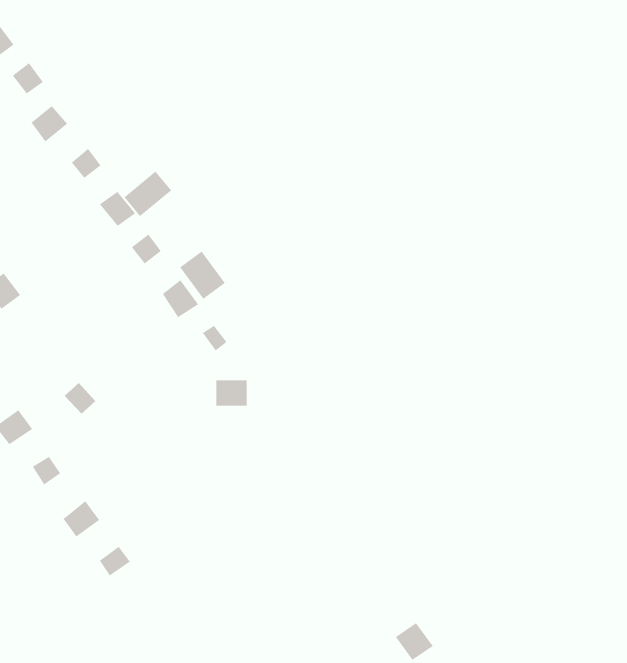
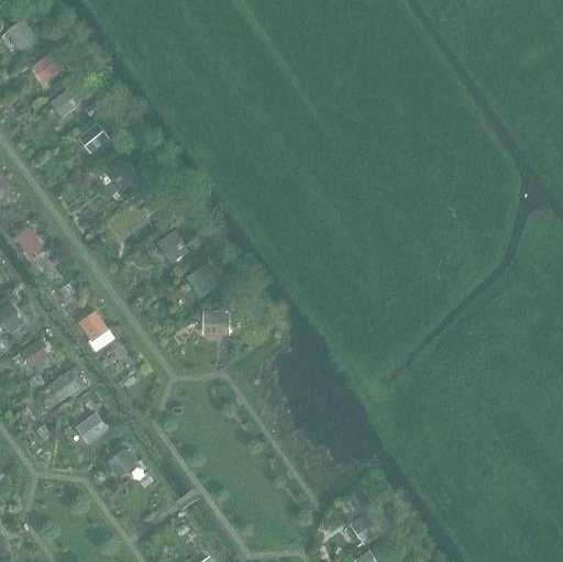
building: [123,171,172,217] -> none
building: [179,250,226,300] -> none

